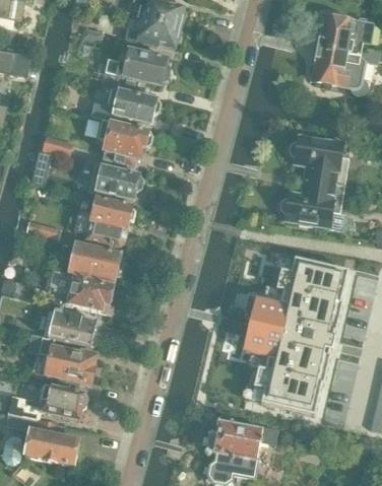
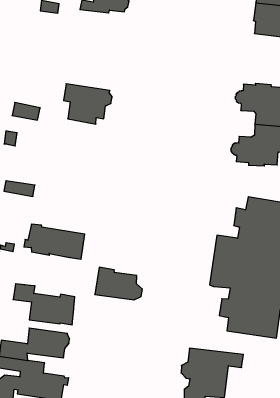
building: [105,48,171,84] -> none
building: [91,87,161,125] -> none
building: [88,162,142,200] -> none
building: [73,196,131,245] -> none
building: [67,241,120,283] -> none
building: [48,307,101,346] -> [95,267,142,300]

